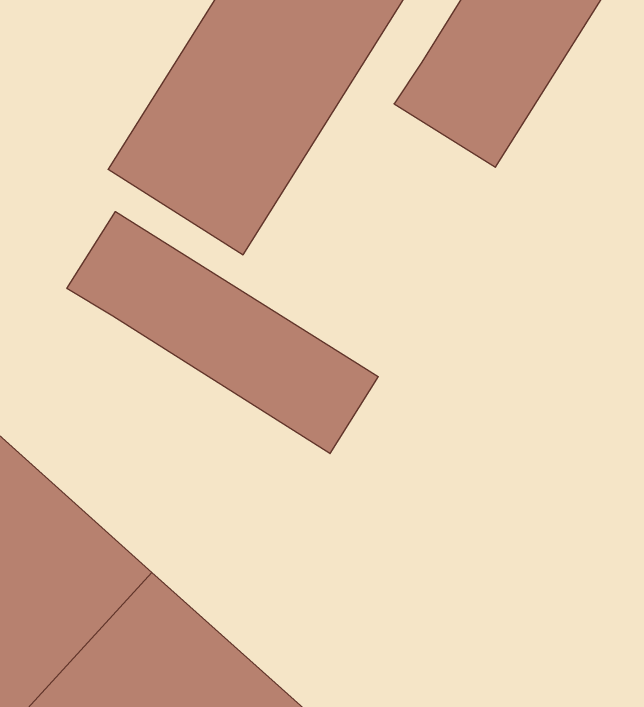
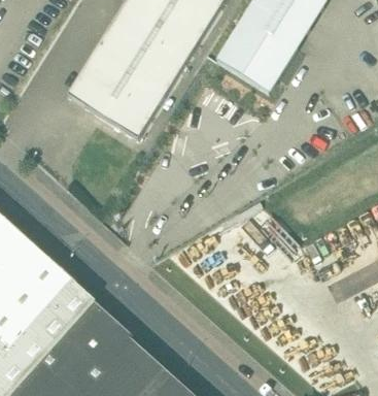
building: [67,212,378,454] -> none

